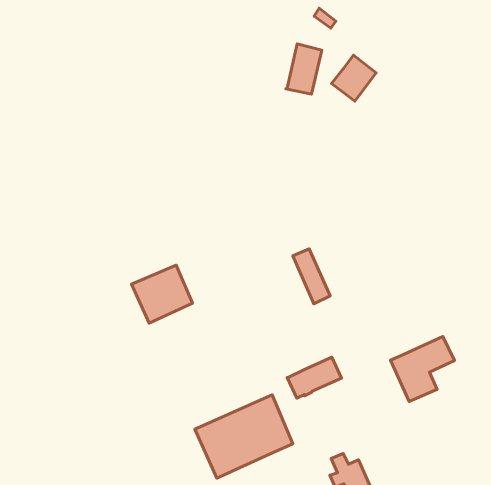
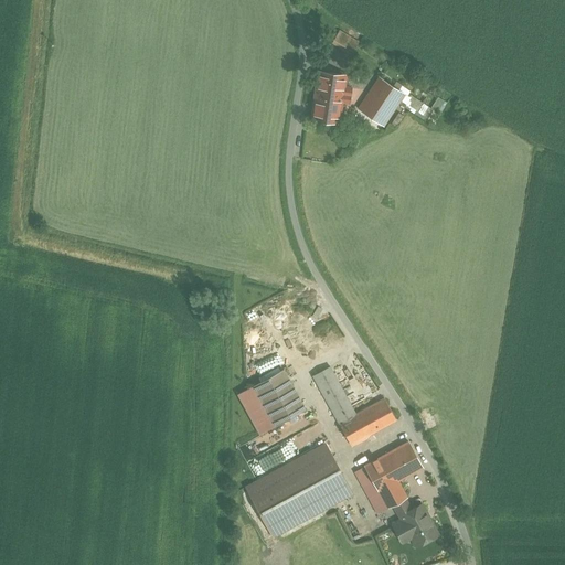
building: [293,249,330,304] -> [312,366,355,424]
building: [132,265,193,323] -> [237,370,303,434]
building: [391,337,454,402] -> [354,441,422,513]

